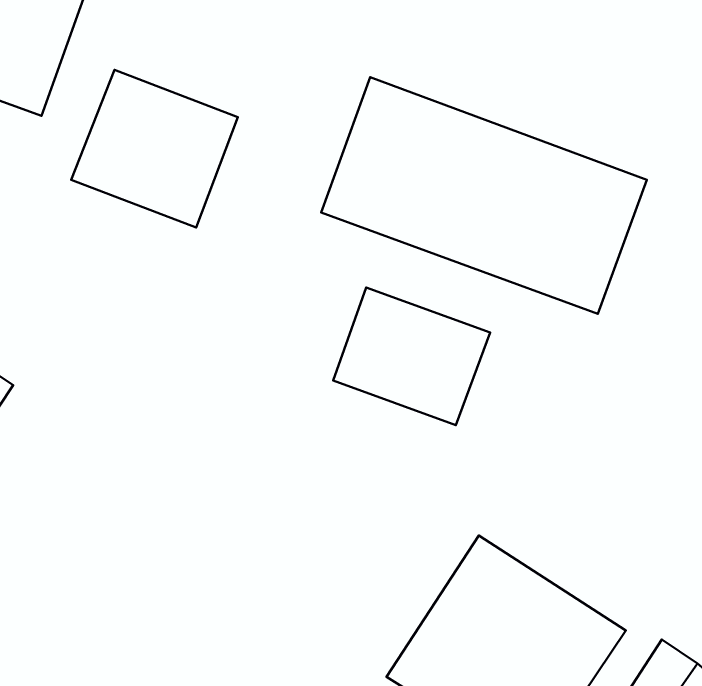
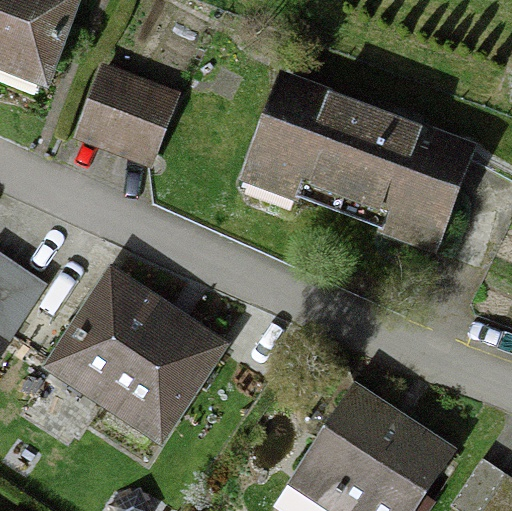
building: [333,287,490,425] -> none
building: none -> [51,273,217,431]

